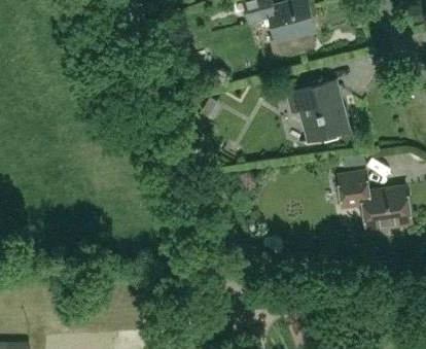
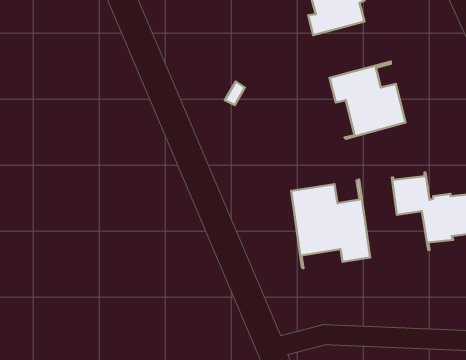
building: none -> [291,179,370,268]

